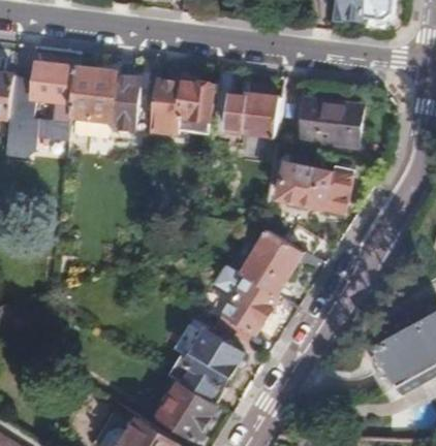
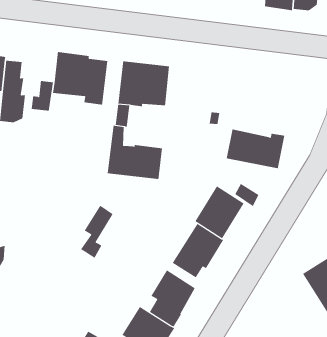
building: [31,63,75,104] -> none
building: [211,68,279,134] -> [107,125,163,179]
building: [301,99,360,146] -> none
building: [169,319,210,384] -> [80,205,113,258]

